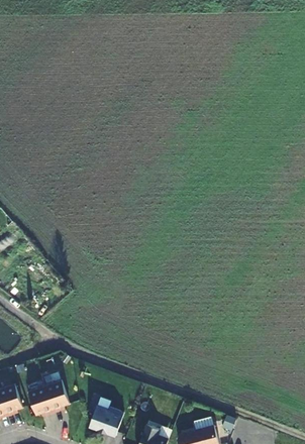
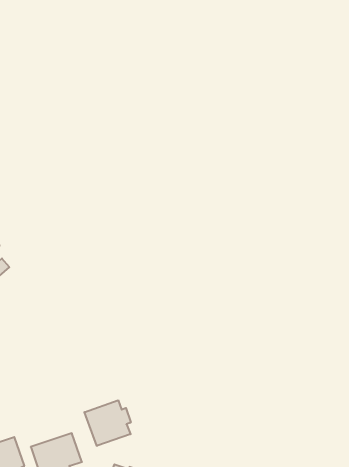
building: none -> [84,400,131,446]

